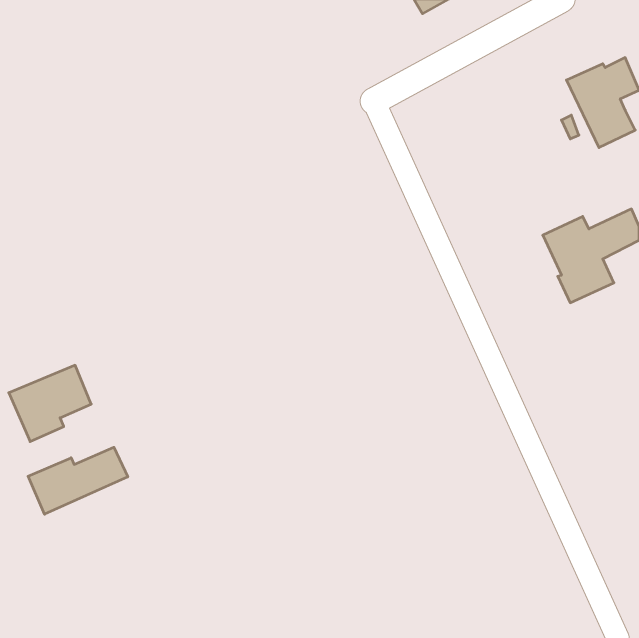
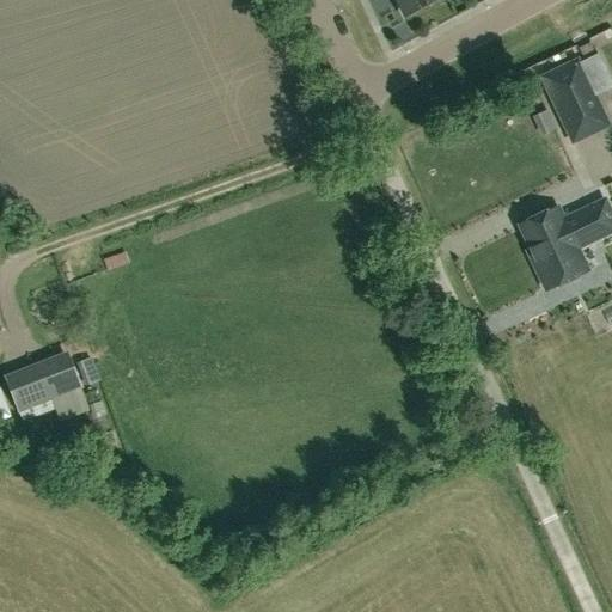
building: [28,447,128,514] -> none

